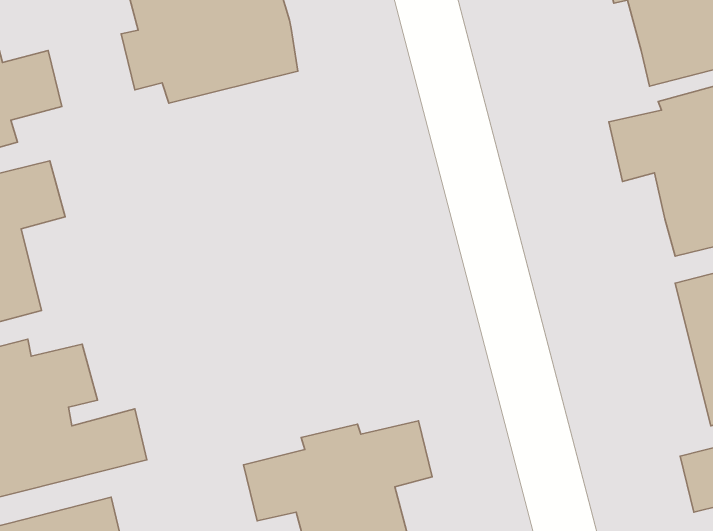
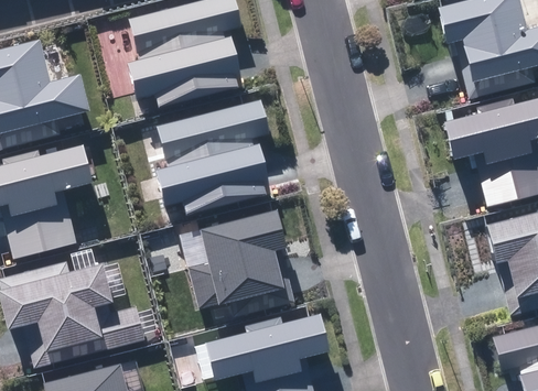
building: none -> [157,99,271,215]
building: none -> [189,209,294,316]

